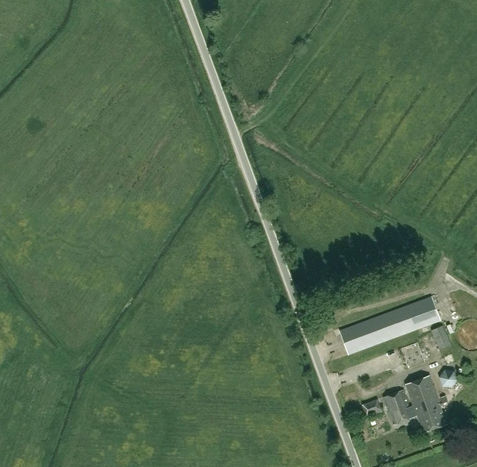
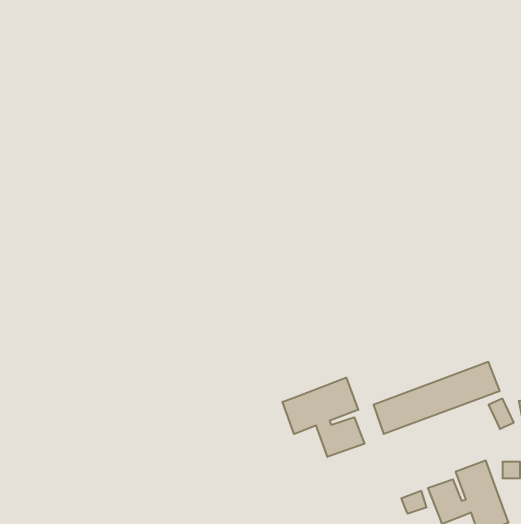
building: none -> [282,378,365,457]

